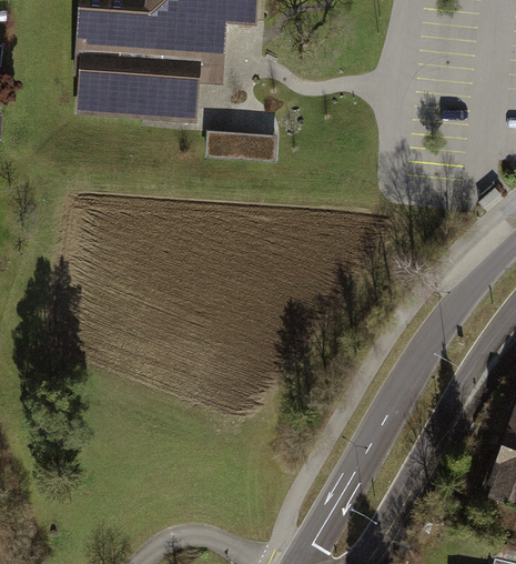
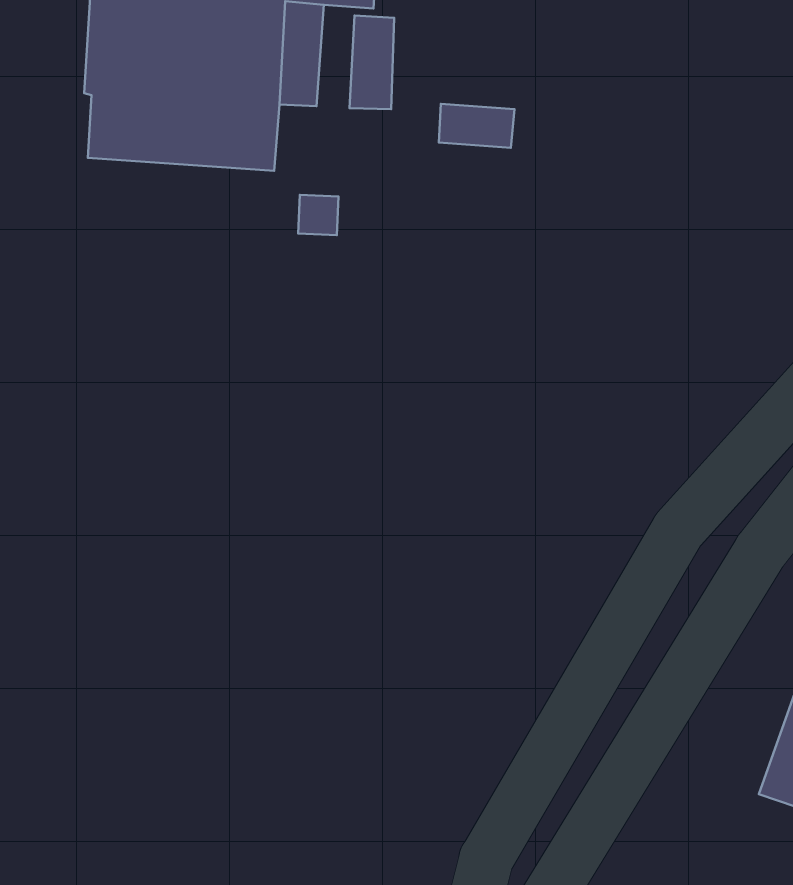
building: none -> [349,16,394,109]
building: [231,133,276,160] -> [439,104,515,148]

